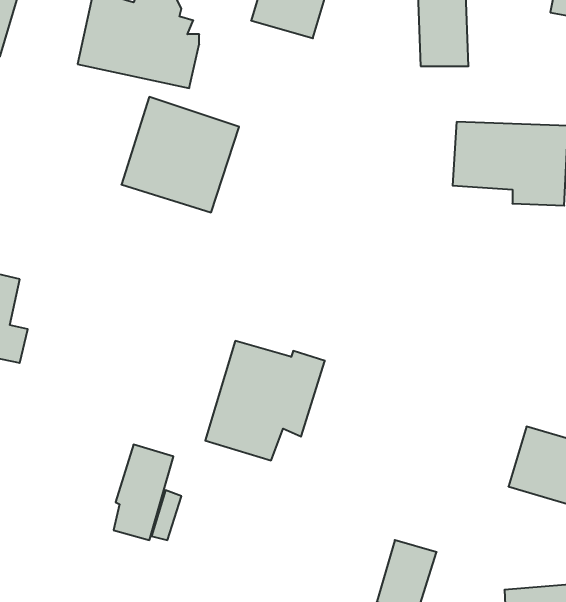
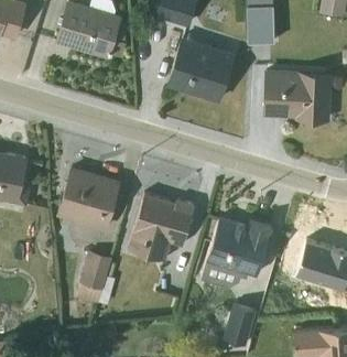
building: [121,97,239,212] -> [169,37,234,101]
building: none -> [58,169,120,230]
building: none -> [202,219,271,286]

